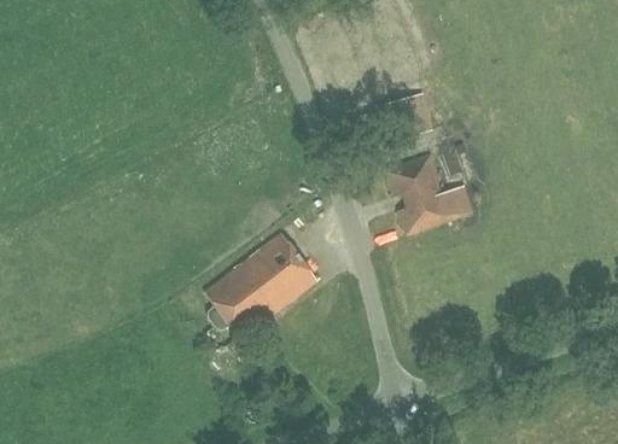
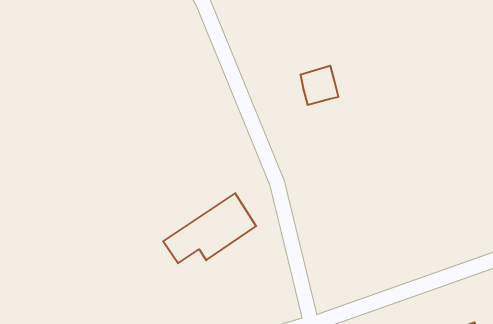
building: [378,147,467,227] -> none

